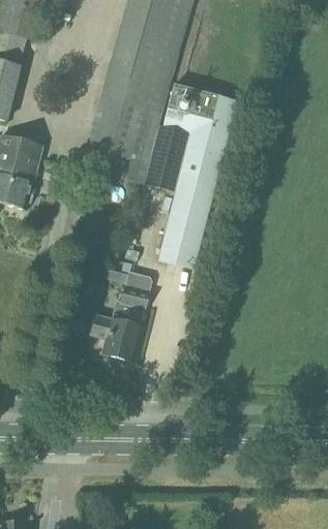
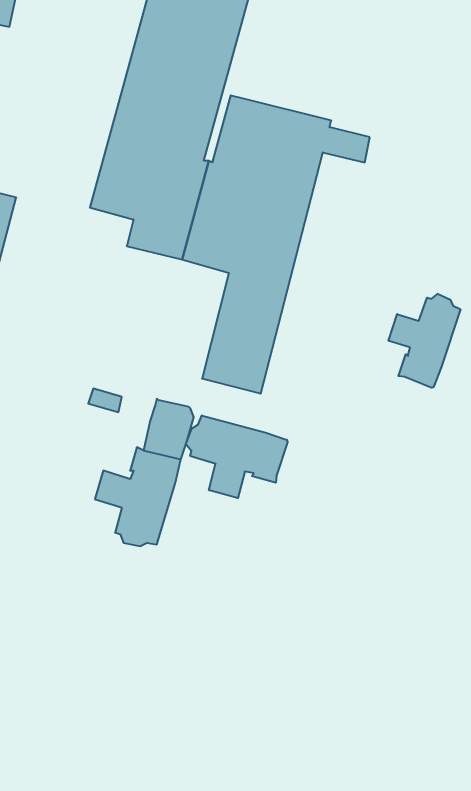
building: none -> [388,294,460,388]
building: none -> [186,415,288,498]

